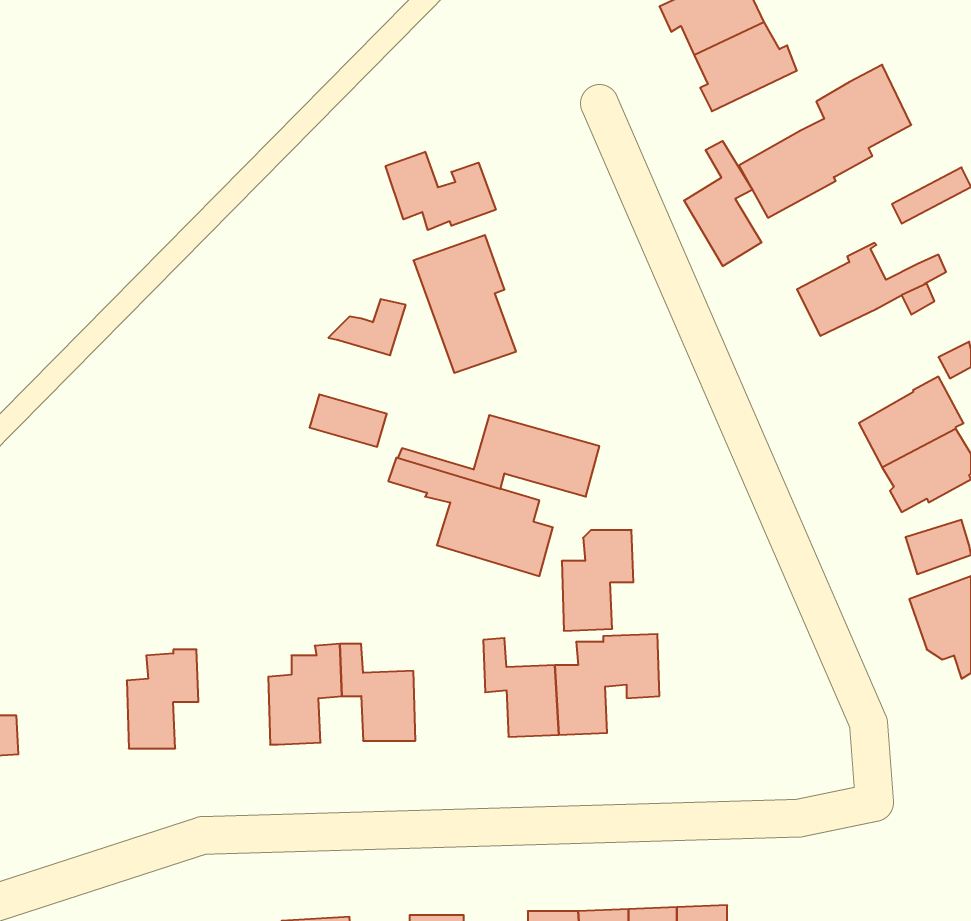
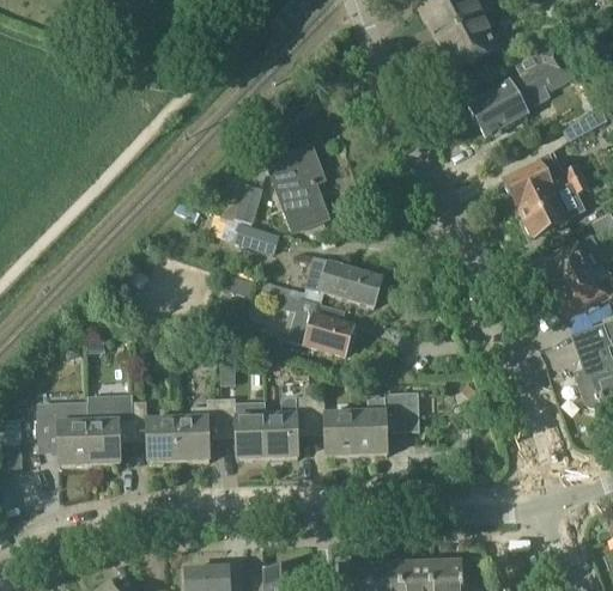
building: [684,141,762,266] -> none
building: [386,152,496,230] -> none
building: none -> [518,191,568,237]
building: [309,394,387,447] -> [232,221,280,254]
building: [562,530,633,631] -> [267,396,311,458]
building: none -> [37,401,91,465]
building: none -> [133,401,178,462]

